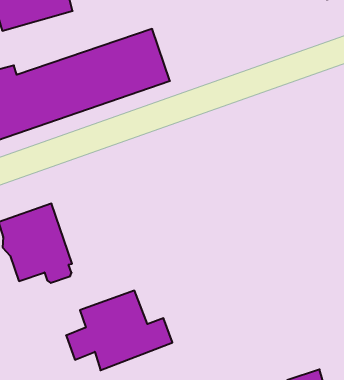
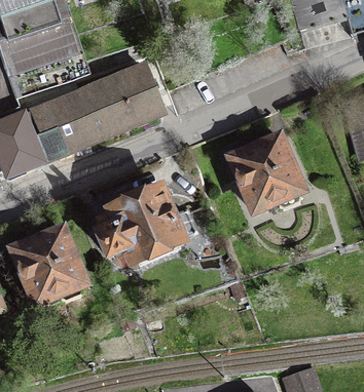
building: none -> [231,136,301,209]
building: [66,291,172,370] -> [100,188,196,262]

